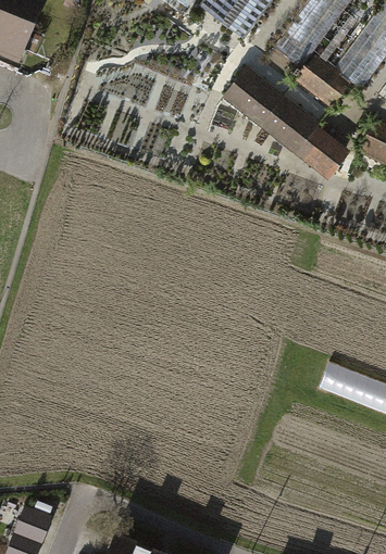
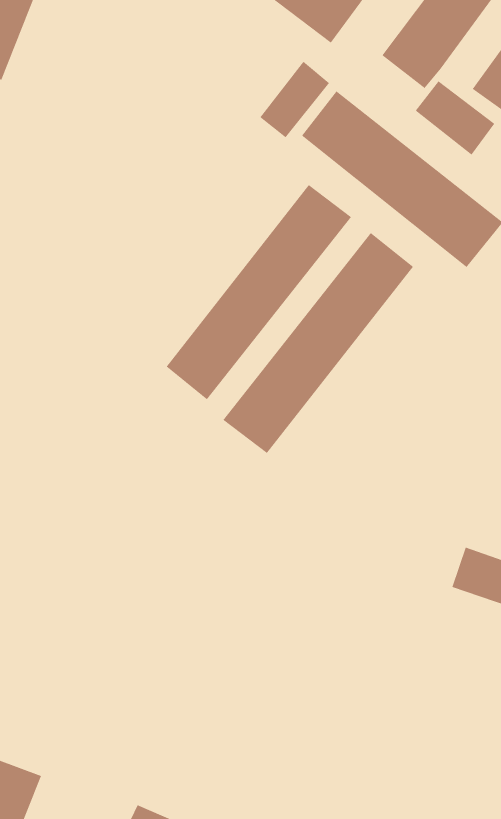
building: none -> [260,61,330,138]
building: none -> [166,184,352,400]
building: none -> [222,232,414,454]

